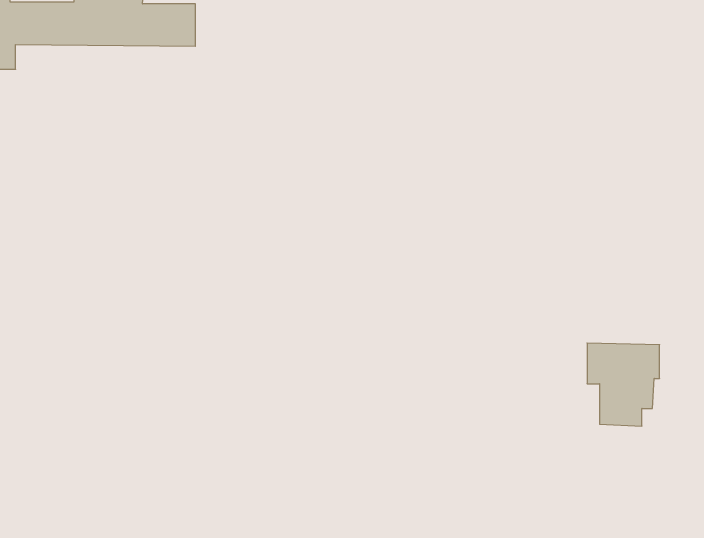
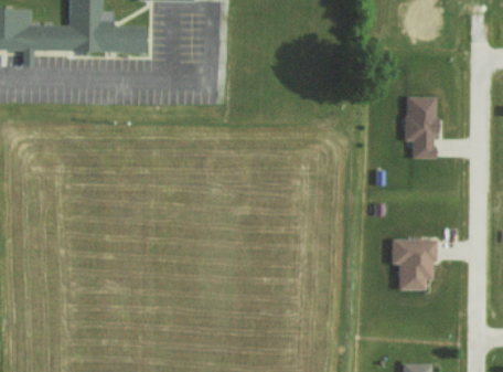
building: none -> [404,96,437,159]

